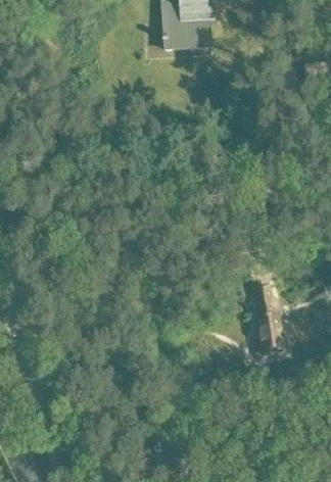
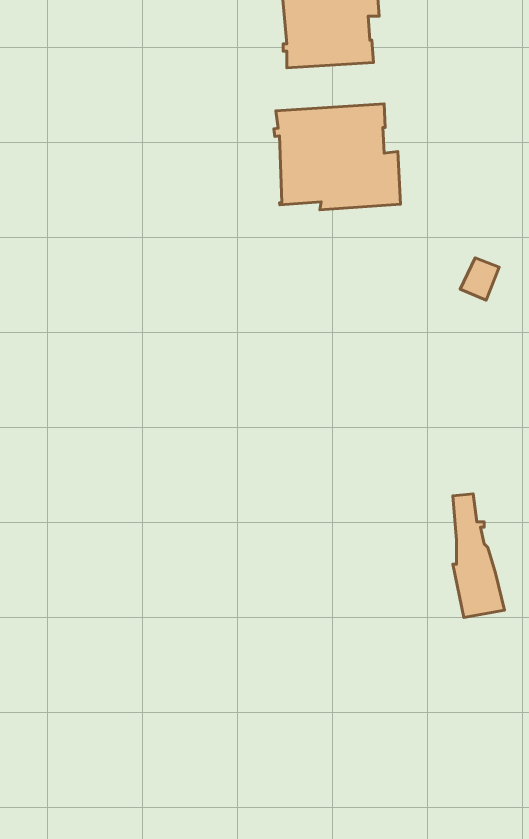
building: none -> [274,104,401,210]

